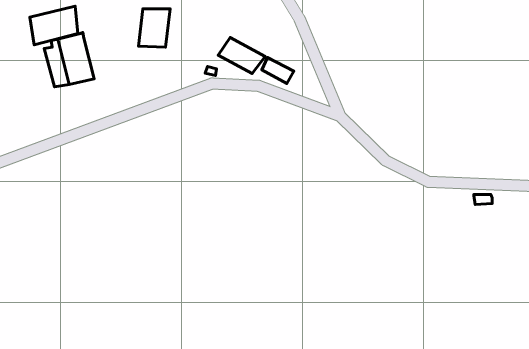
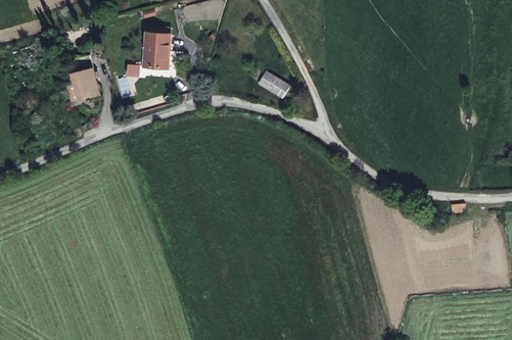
building: [30,6,78,45] -> none
building: [218,37,265,74] -> none

